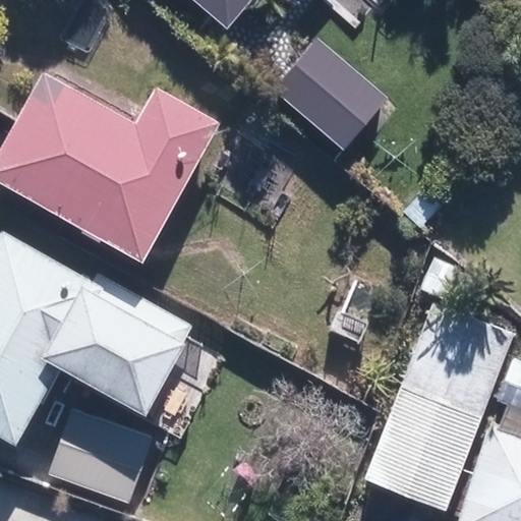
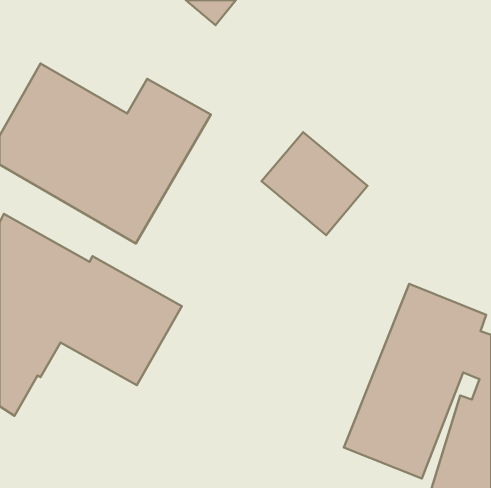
building: [275,42,387,151] -> [262,132,368,235]
building: [48,410,153,504] -> none

